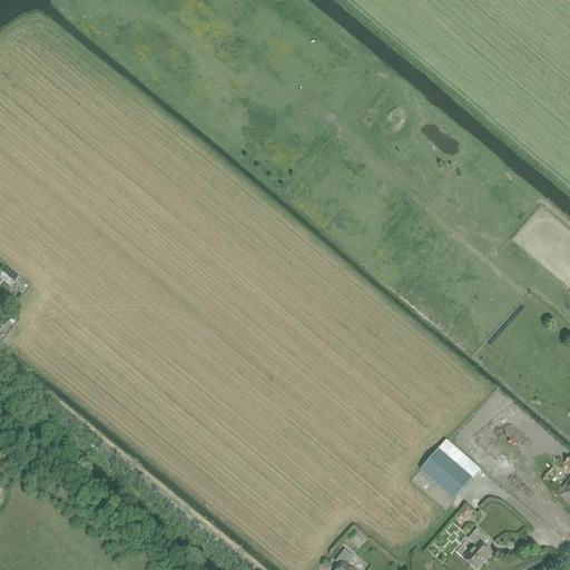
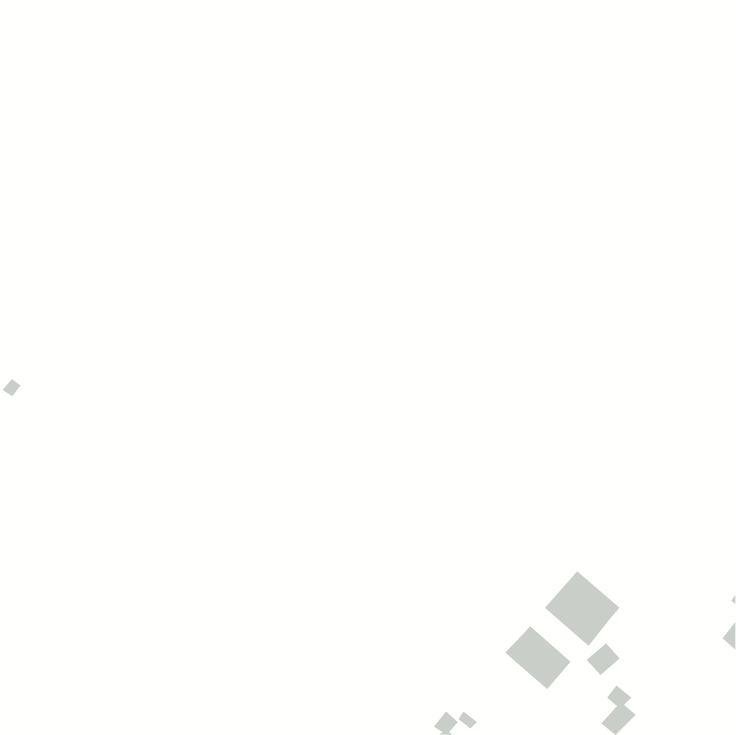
building: none -> [504,625,572,690]

